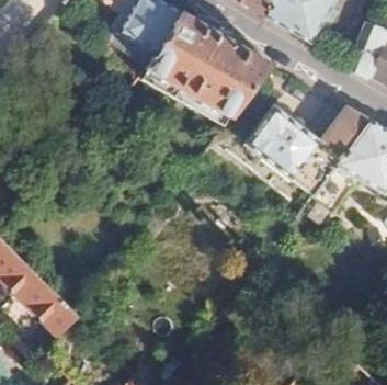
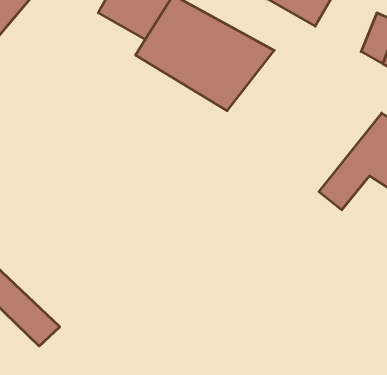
building: [244,105,371,192] -> none

